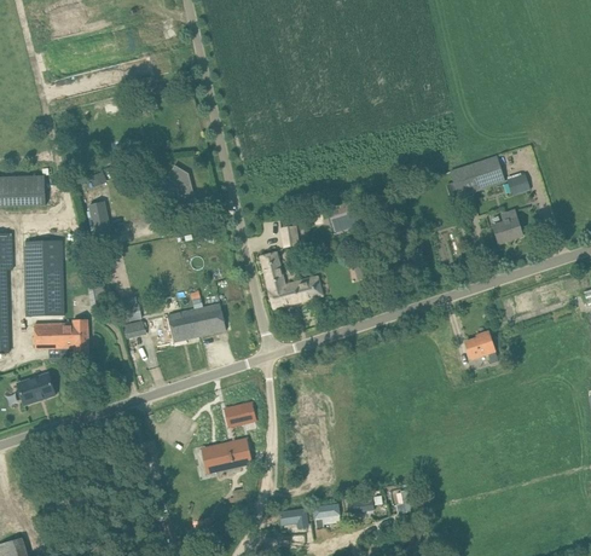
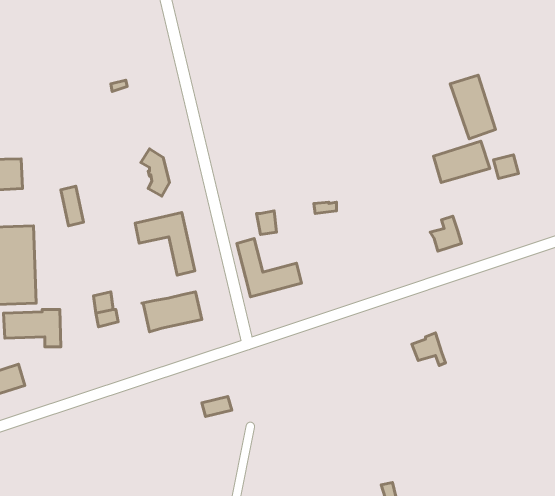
building: none -> [450,75,496,139]
building: [491,209,521,243] -> [430,216,461,251]
building: none -> [135,212,195,275]
building: [464,331,497,363] -> [412,333,445,365]
building: [202,440,249,470] -> none

